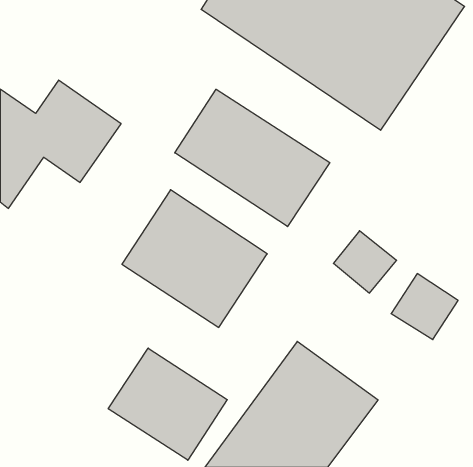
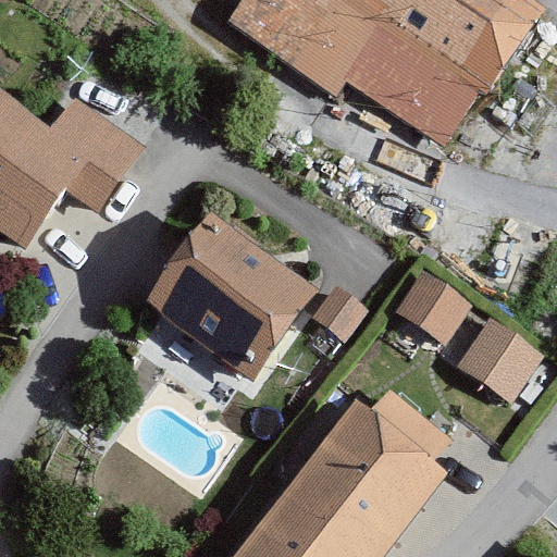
building: [175,89,330,227] -> none
building: [108,348,227,460] -> none

